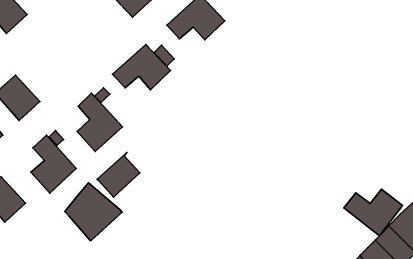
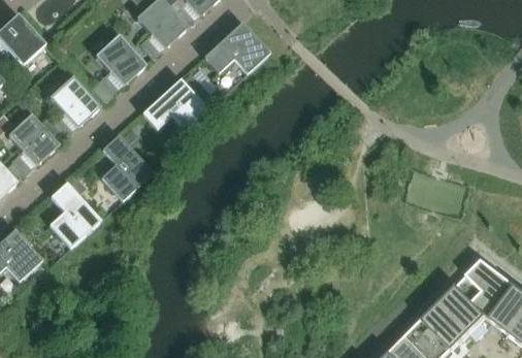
building: none -> [94,34,144,86]
building: none -> [47,75,99,127]
building: [97,153,140,197] -> none
building: [65,183,122,241] -> none
building: [344,189,403,236] -> none

